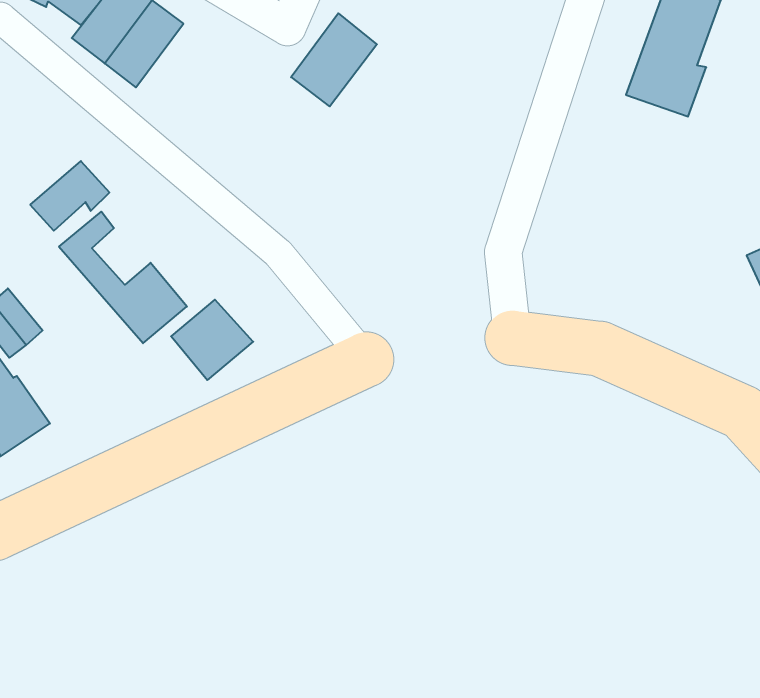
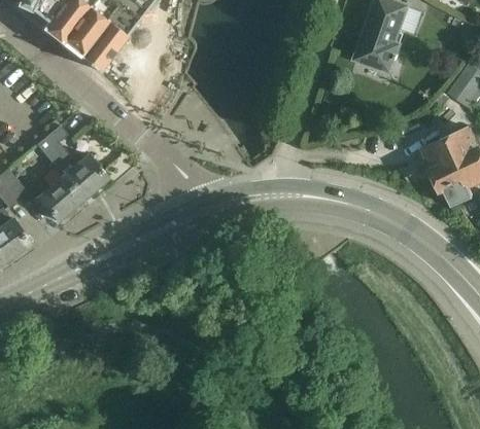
building: [291,13,377,106] -> [78,19,127,71]
building: [30,161,109,231] -> none
building: [171,300,253,380] -> [36,175,82,220]

